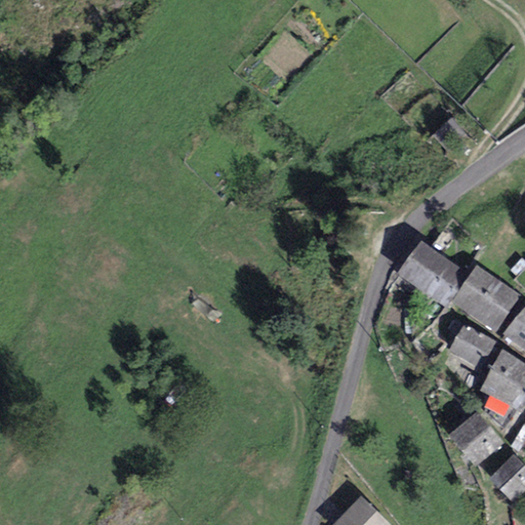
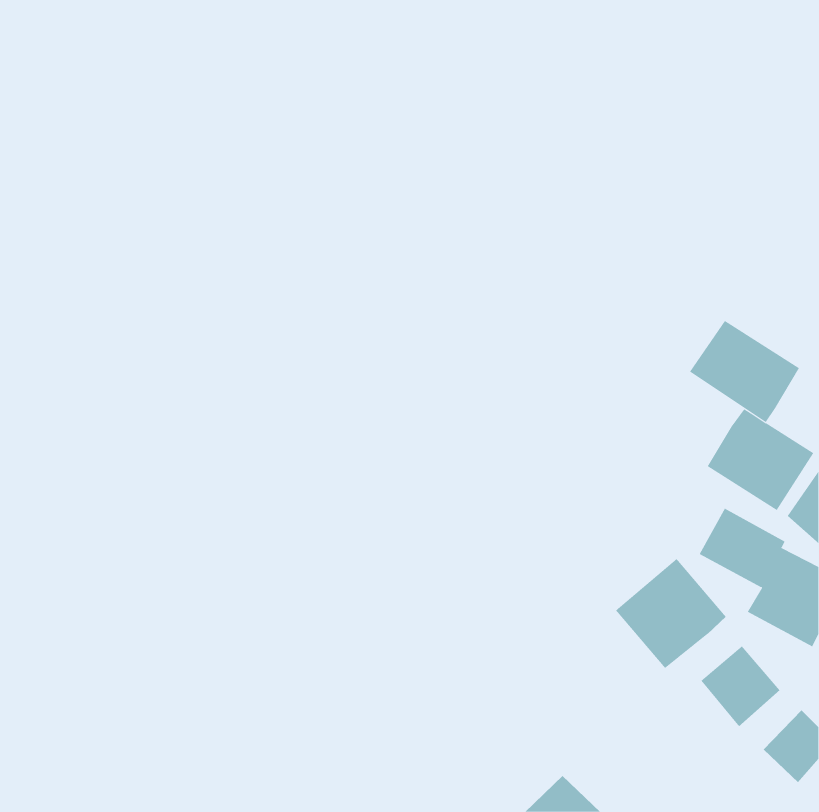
building: [397,242,468,308] -> [689,320,800,423]
building: none -> [615,558,726,669]

